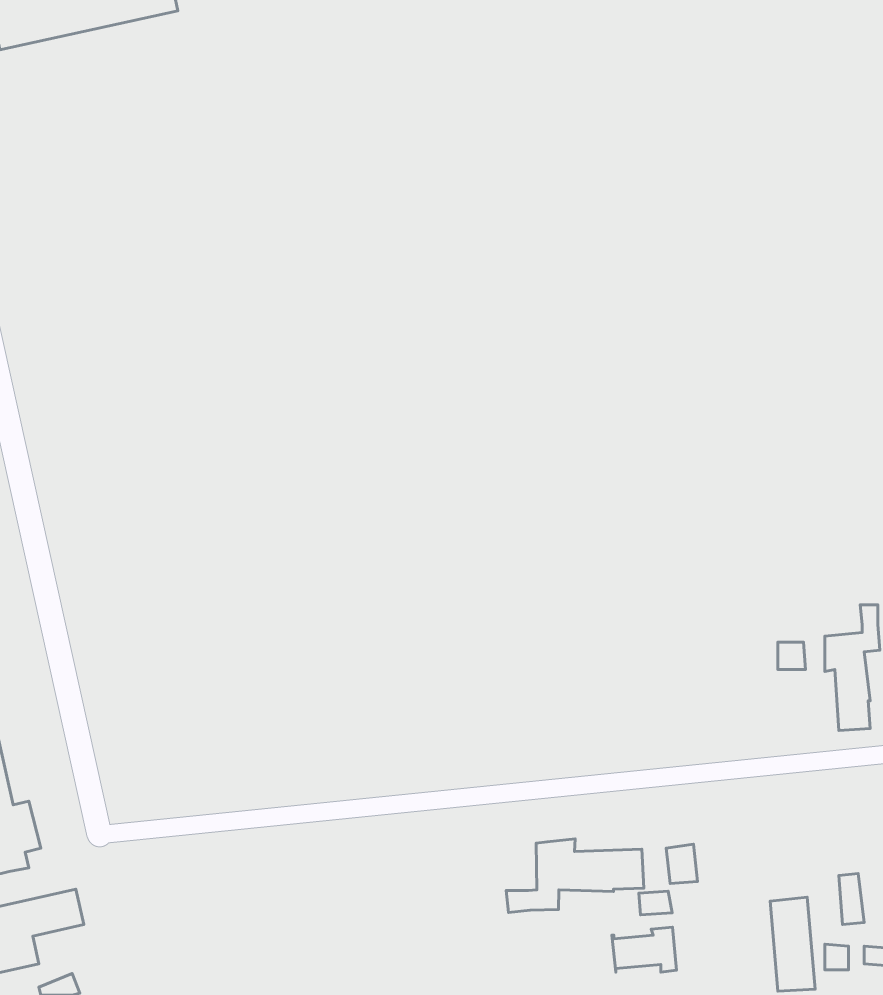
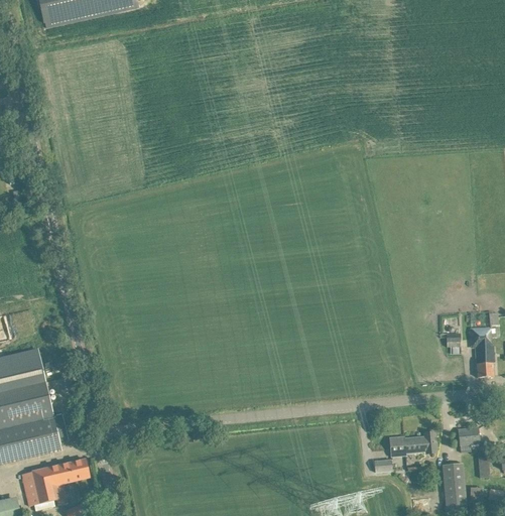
building: none -> [457,426,479,452]
building: [506,839,644,912] -> none
building: [612,927,677,972] -> [402,431,435,455]

